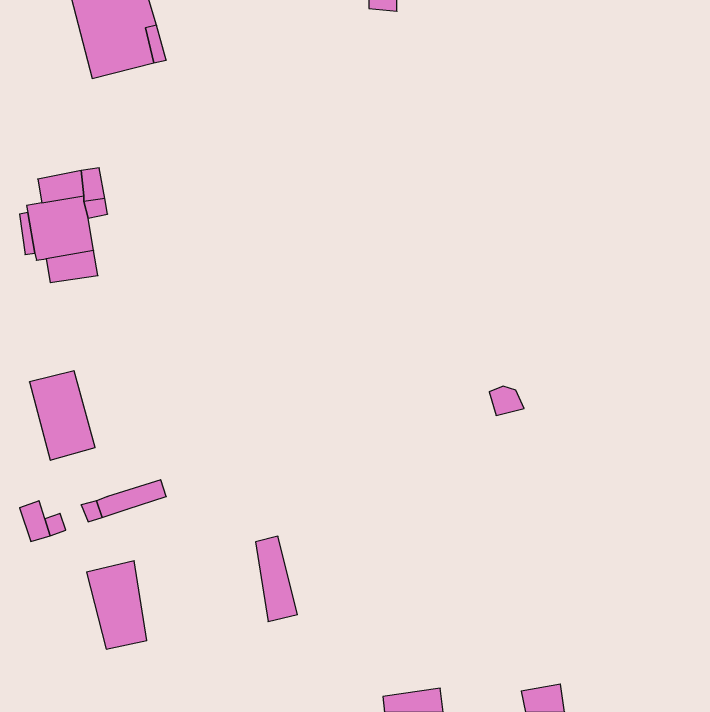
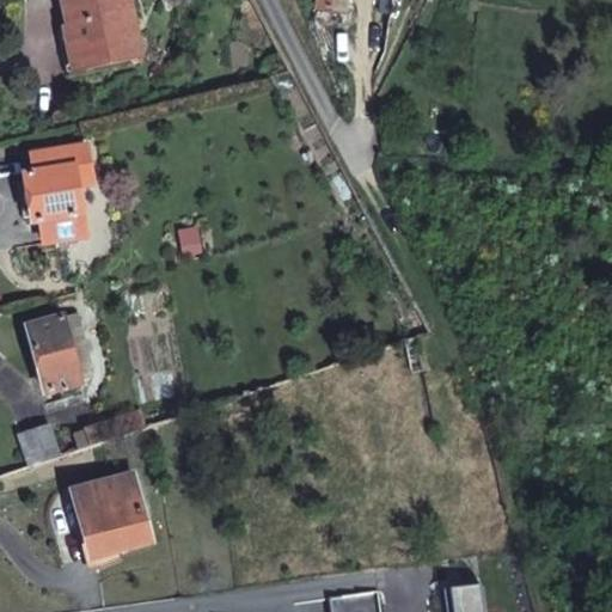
building: [256,536,297,622] -> [115,475,151,547]

